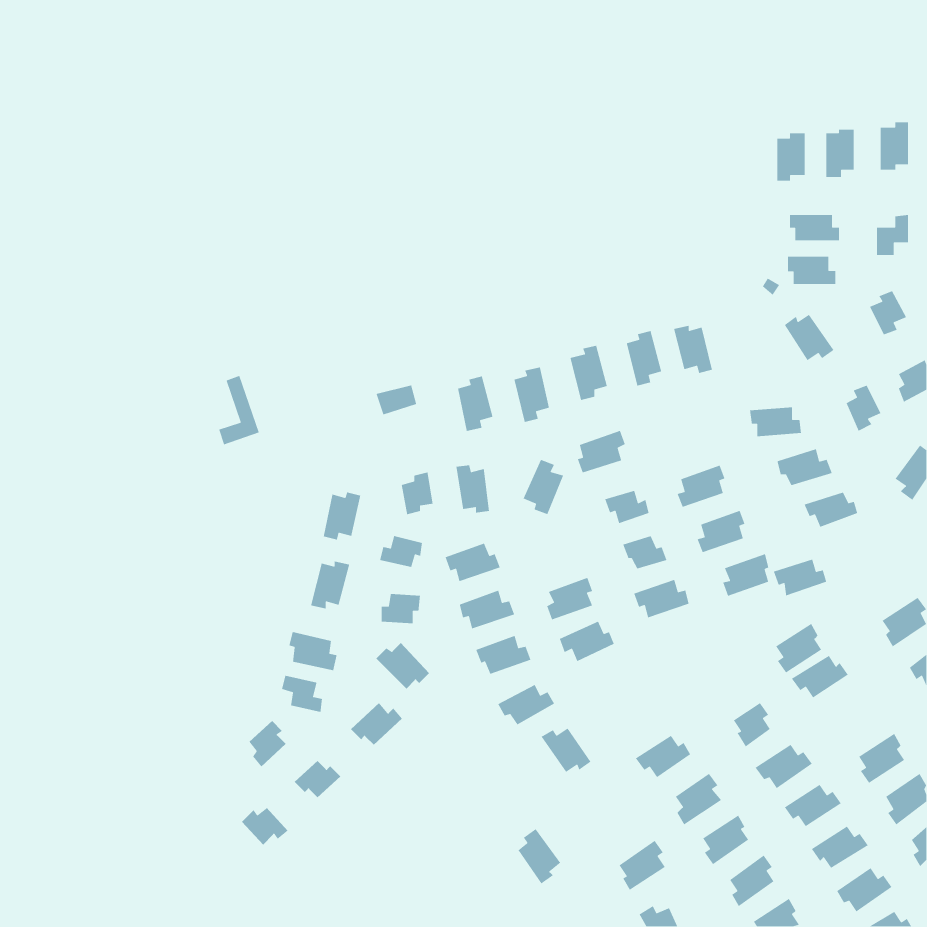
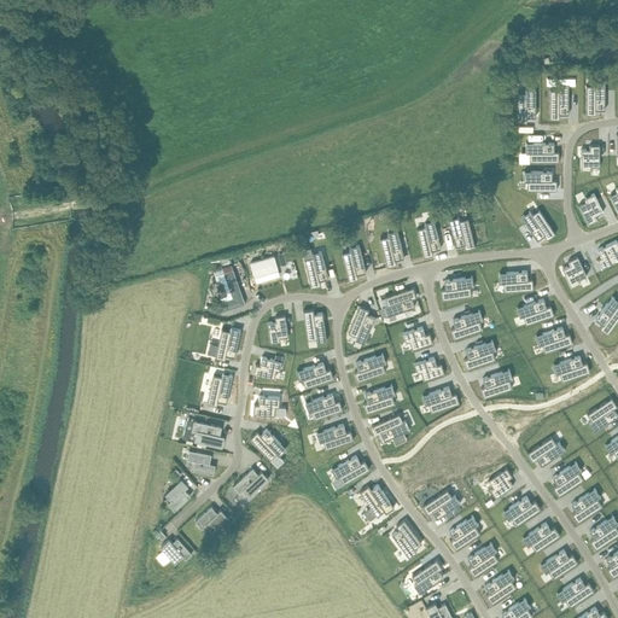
building: [218,375,260,446] -> [216,264,244,311]
building: none -> [441,275,473,299]
building: none -> [354,352,386,381]
building: [773,559,827,597] -> [553,355,589,380]
building: [775,623,822,673] -> [552,461,583,495]
building: [518,828,561,885] -> [392,519,421,556]

